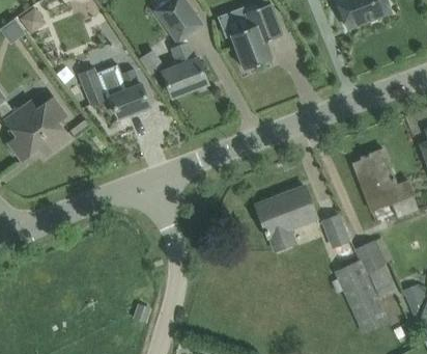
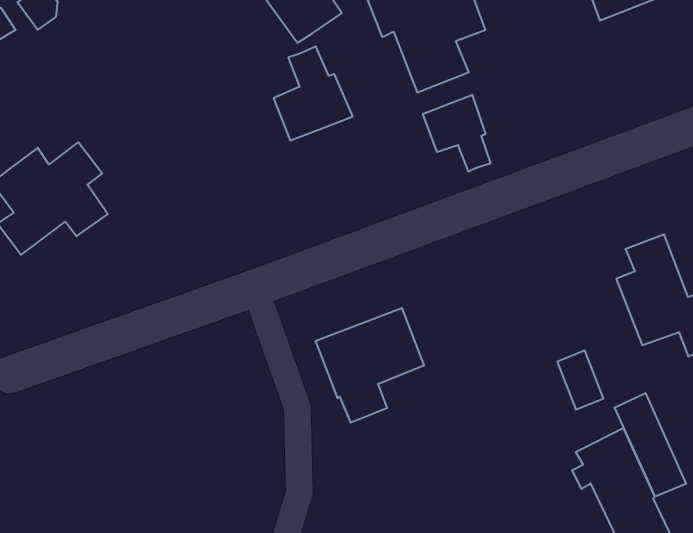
building: [79,65,150,118] -> none
building: none -> [423,95,490,172]
building: [256,187,317,251] -> [315,308,424,422]

